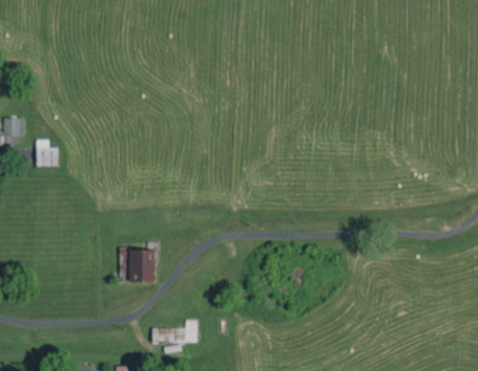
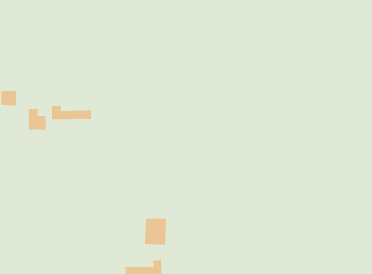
building: none -> [52,105,92,120]
building: [128,250,155,282] -> [144,218,167,245]

